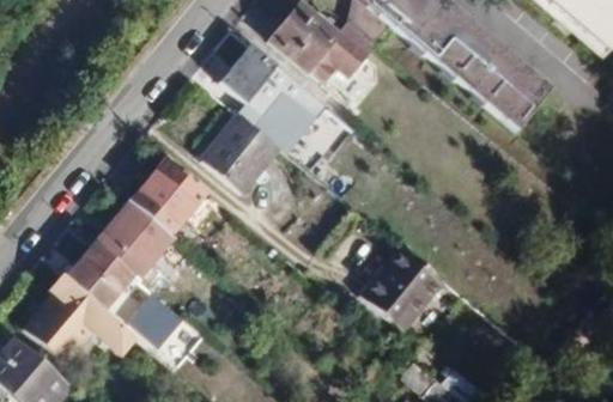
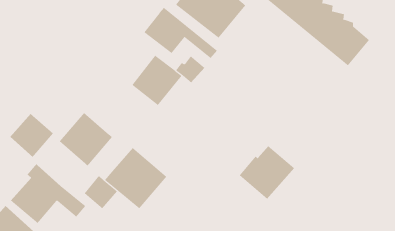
building: [132,158,202,229] -> none
building: [63,242,129,307] -> [9,113,54,158]
building: none -> [104,147,167,209]

